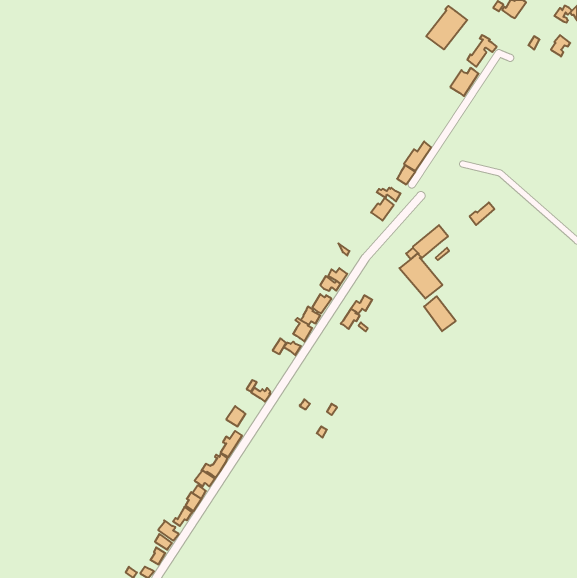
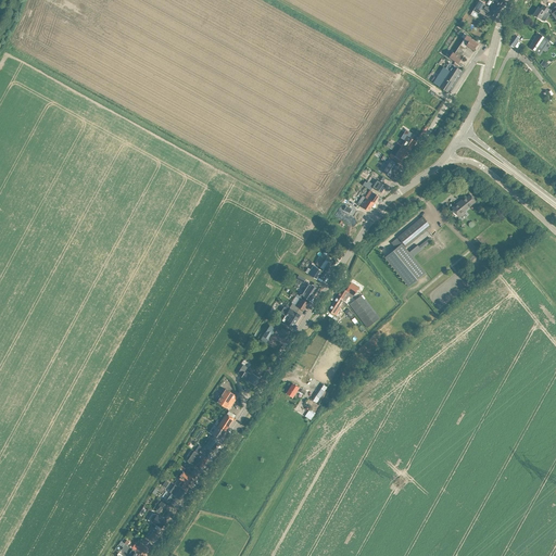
building: [426,6,467,49] -> none
building: [424,296,456,331] -> [349,294,379,328]

